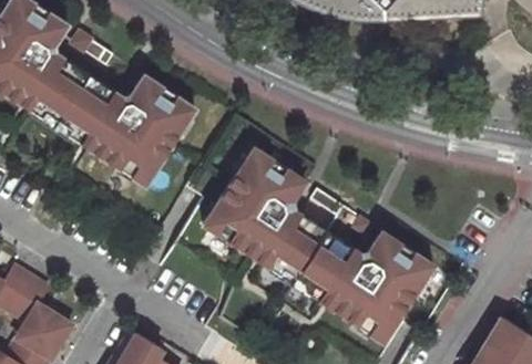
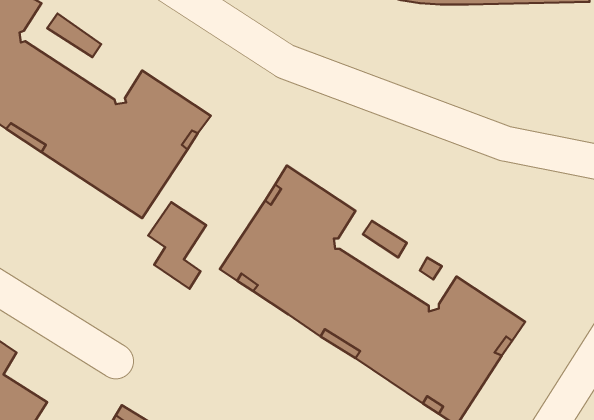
building: none -> [148,202,206,289]

